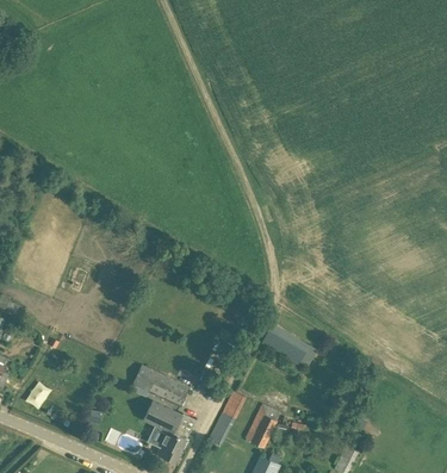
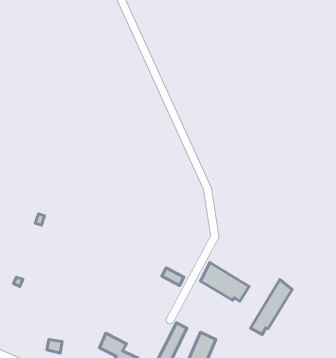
building: none -> [251,280,292,334]
building: [131,365,188,407] -> none

